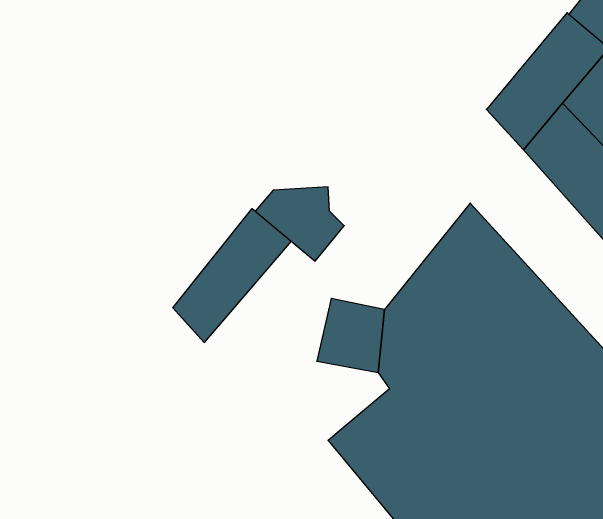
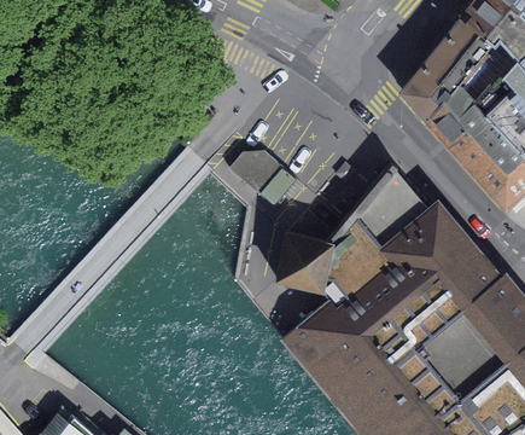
building: [173,209,291,342] -> none

